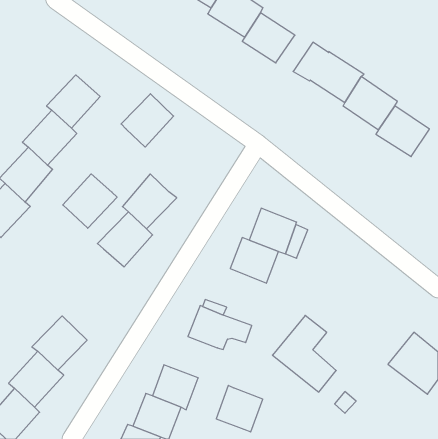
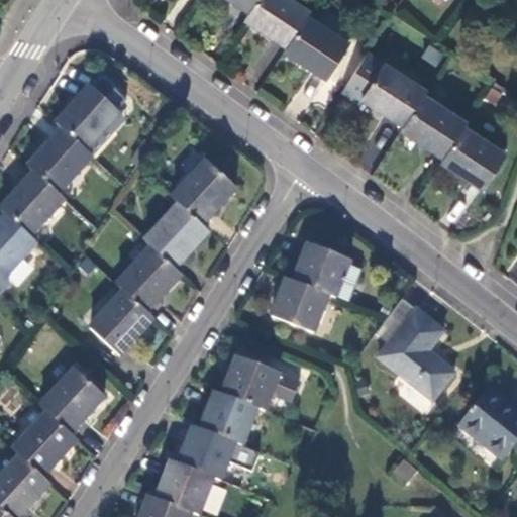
building: [121,94,174,147] -> [170,163,231,225]
building: [63,174,117,228] -> [88,292,151,355]
building: [272,315,336,392] -> [376,311,450,401]
building: [216,385,263,432] -> [200,392,254,446]

